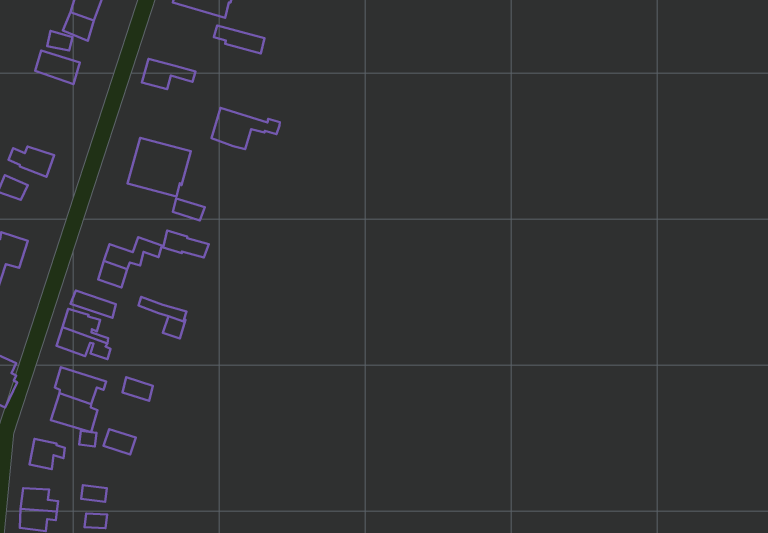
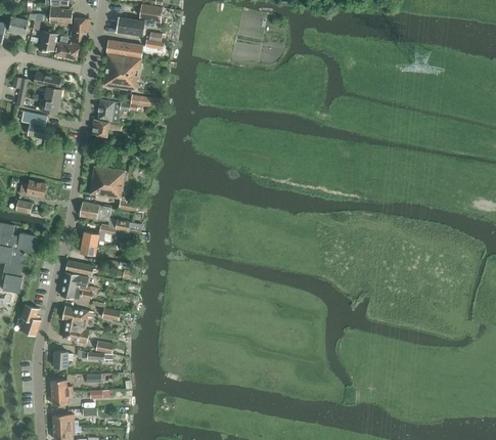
building: [212,108,280,149] -> [98,99,137,122]
building: none -> [80,203,111,221]

